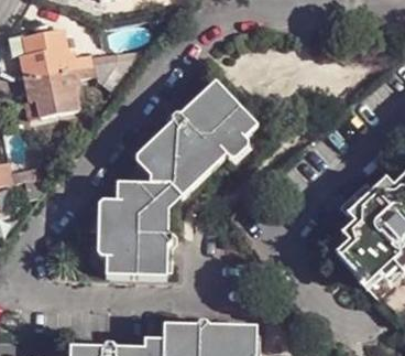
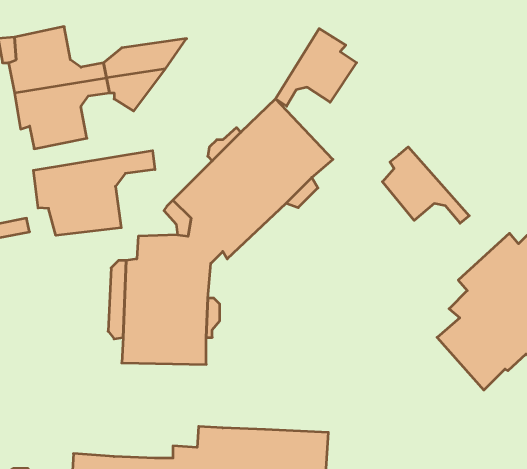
building: none -> [276,29,357,106]
building: none -> [382,147,469,223]
building: none -> [33,151,155,235]

